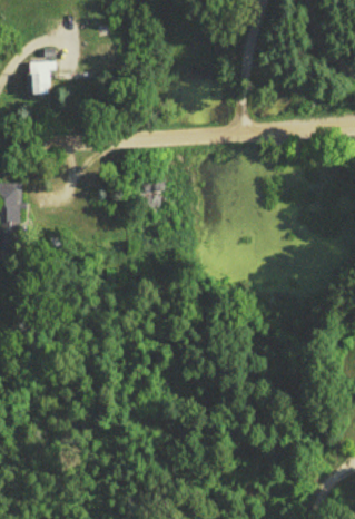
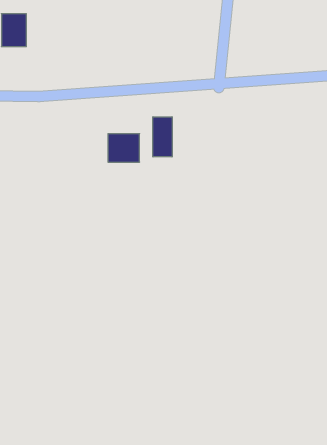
building: none -> [153,117,172,157]

